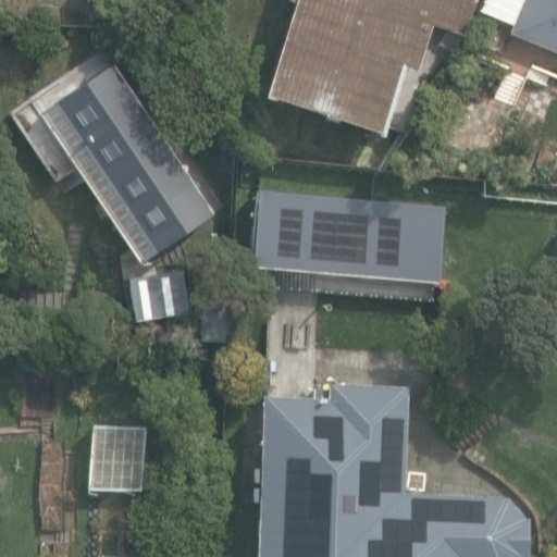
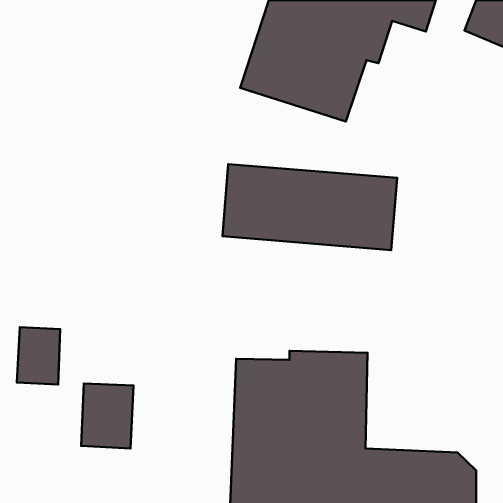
building: [40,67,212,235] -> none

